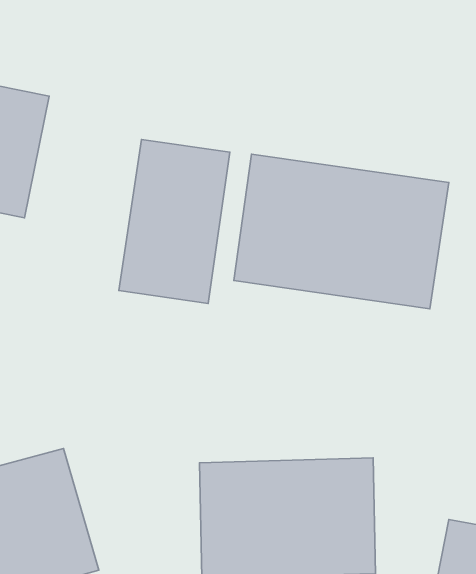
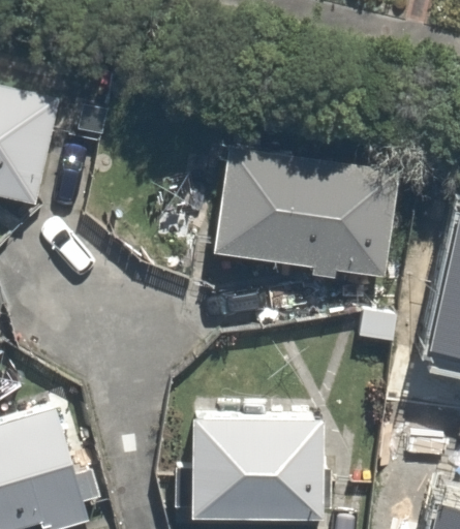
building: [119,140,230,303] -> none

